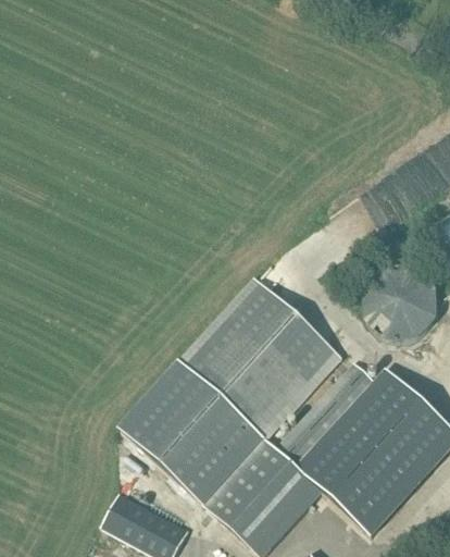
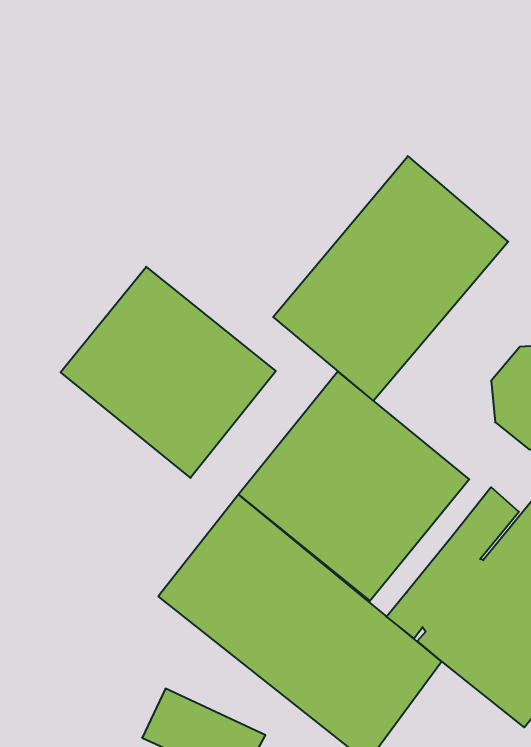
building: none -> [273,156,508,401]
building: none -> [61,267,276,478]

